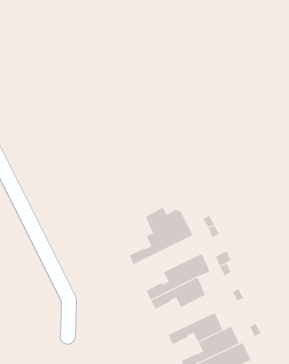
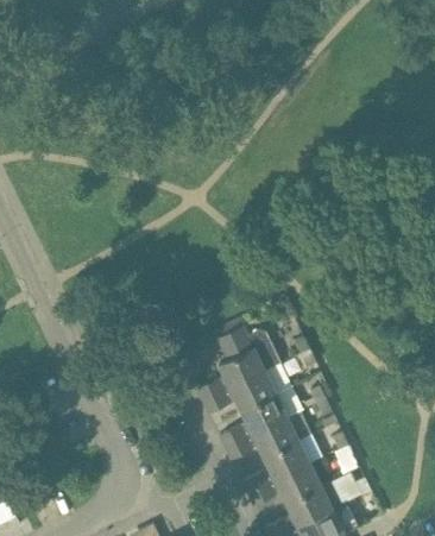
building: none -> [202,362,292,414]
building: none -> [241,441,309,493]

